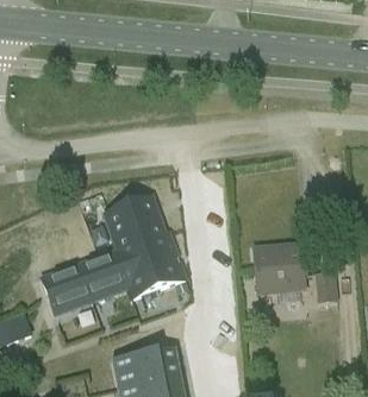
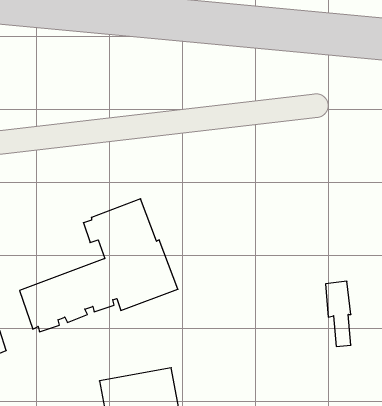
building: [254,242,305,294] -> none

